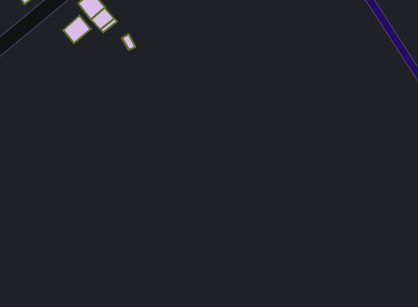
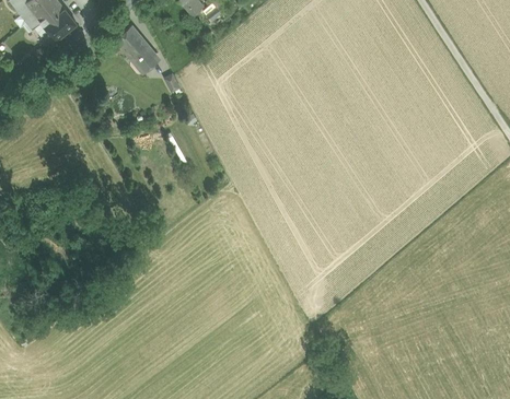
building: [63,15,91,43] -> none

